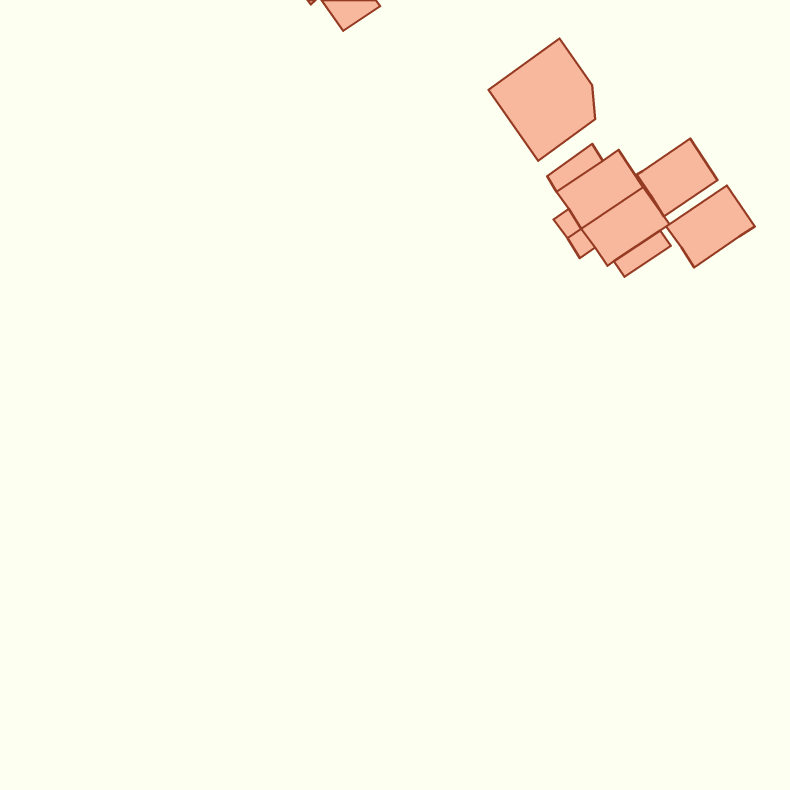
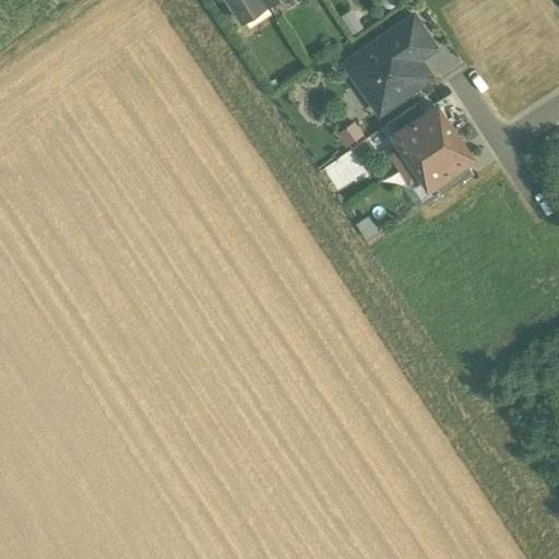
building: none -> [395,15,436,60]
building: [637,139,717,216] -> none
building: [666,185,755,267] -> none

